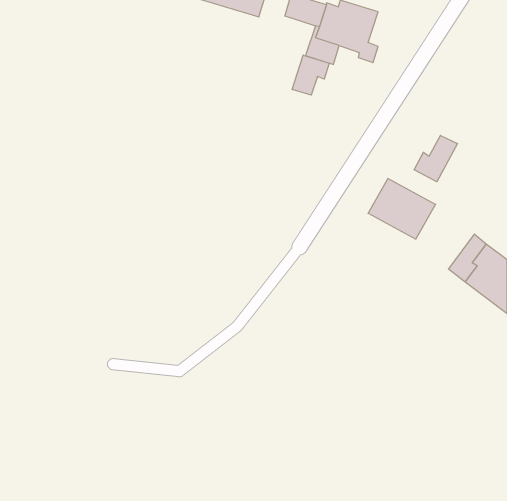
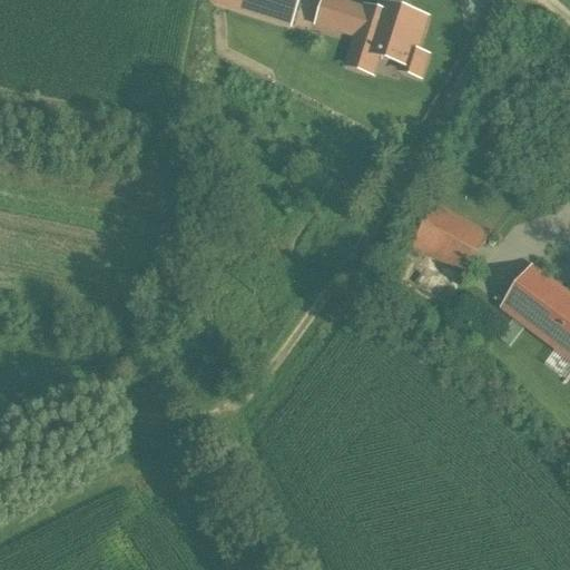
building: [292,55,329,95] -> none
building: [414,135,458,182] -> none

